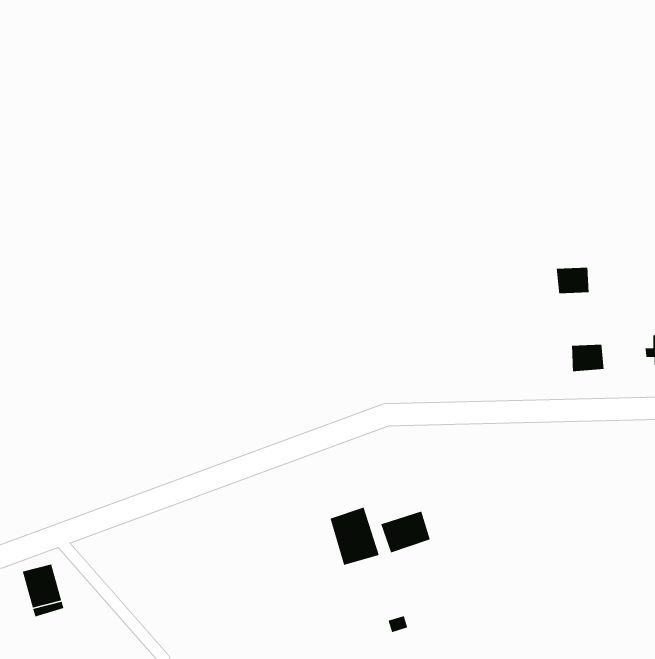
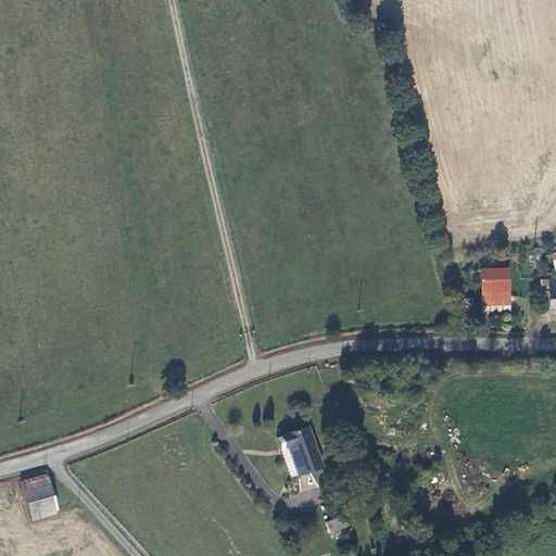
building: [556,267,590,294] -> [482,267,510,290]
building: [380,511,431,553] -> none

